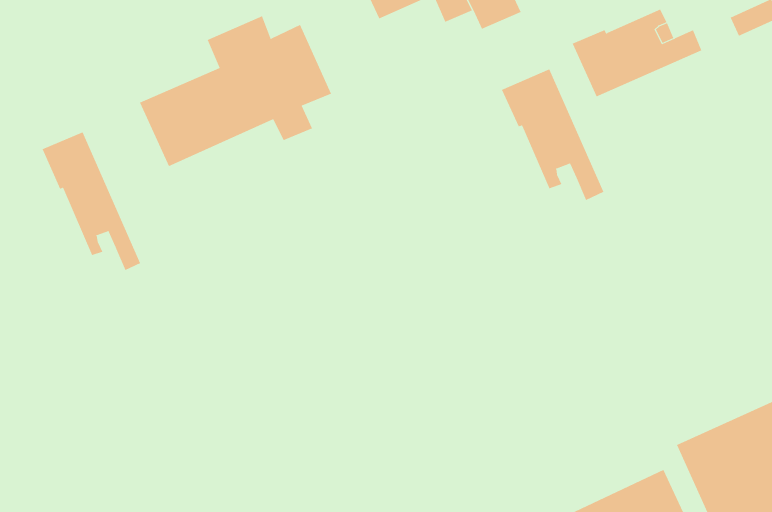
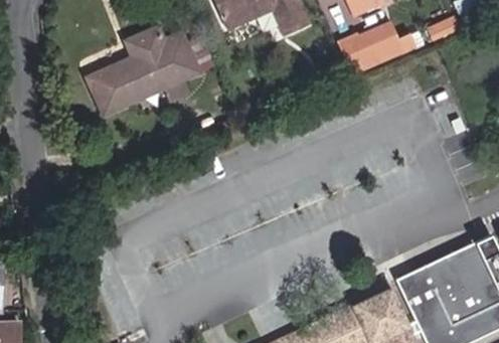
building: [501,69,604,201] -> none
building: [42,131,141,271] -> none

